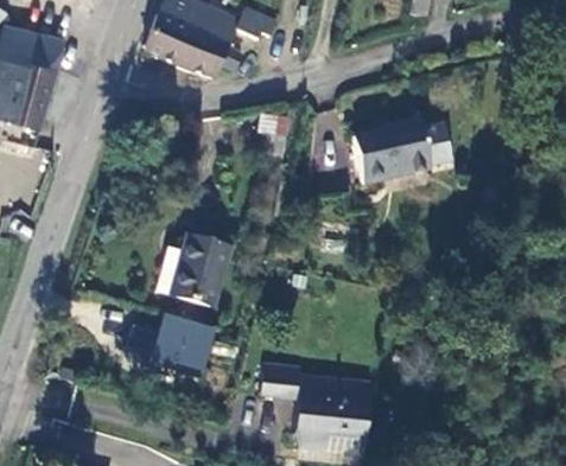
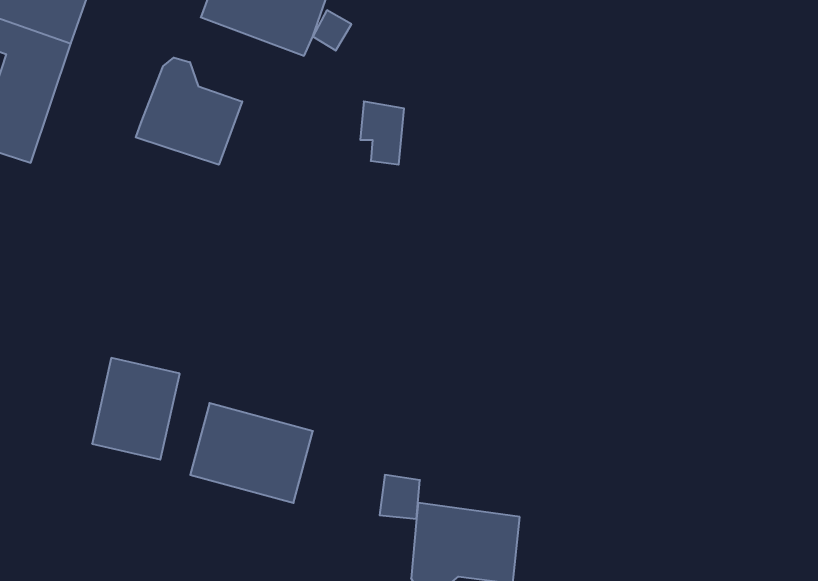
building: none -> [136,58,242,165]
building: [349,121,444,181] -> none
building: [171,238,230,307] -> [92,358,180,460]

